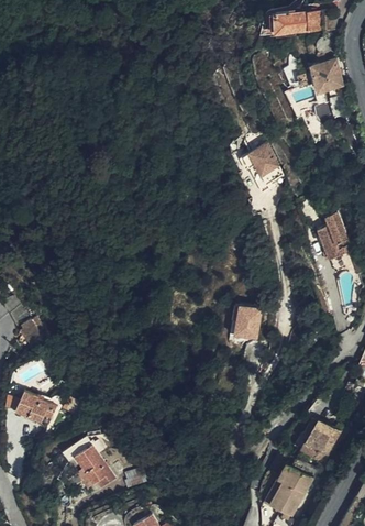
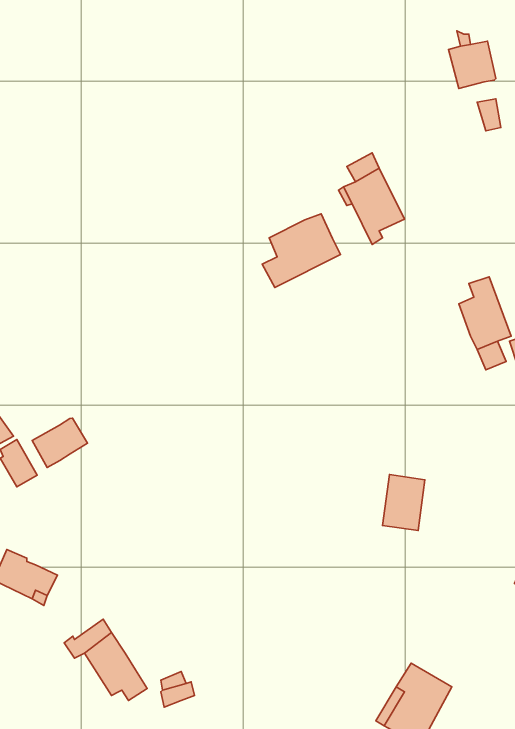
building: none -> [262,214,340,287]
building: [234,303,262,339] -> [383,475,425,531]
building: none -> [32,418,88,468]
building: [300,418,340,463] -> none

